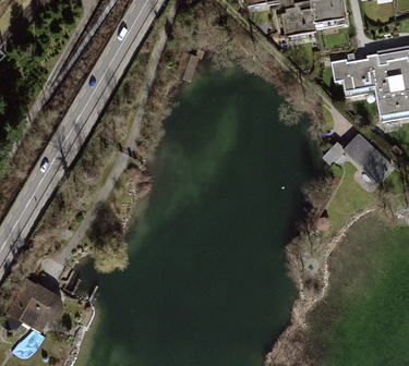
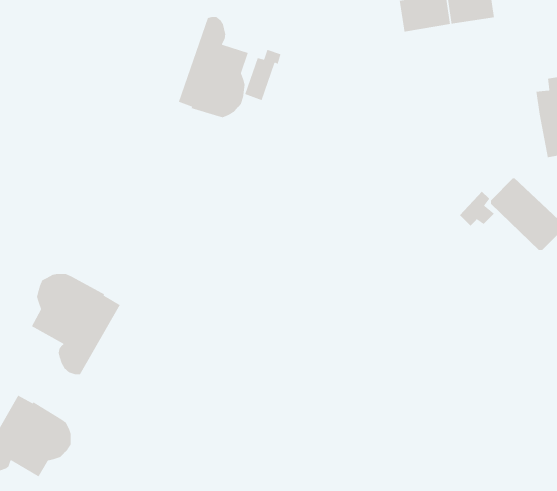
building: none -> [178,16,249,118]
building: [333,57,382,94] -> none
building: none -> [31,273,121,375]

